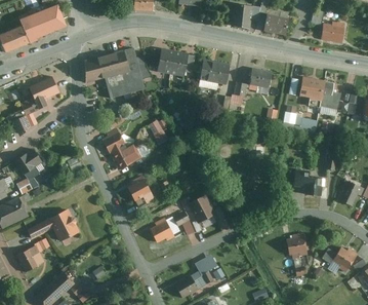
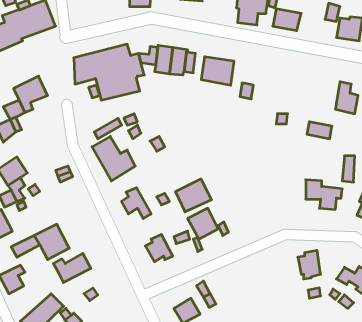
building: [248,67,272,89] -> none
building: [299,76,324,99] -> none
building: none -> [176,179,211,212]
building: none -> [53,253,91,283]

